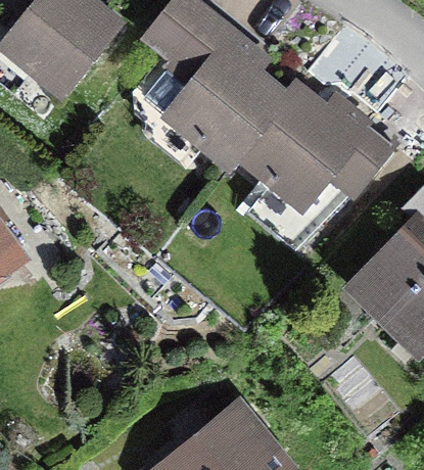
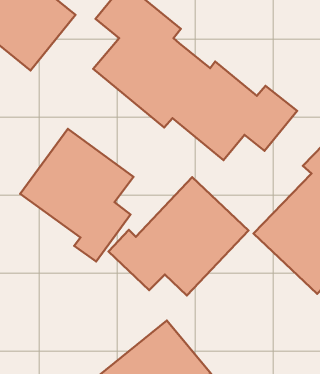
building: none -> [20,129,133,261]
building: none -> [109,177,248,295]

